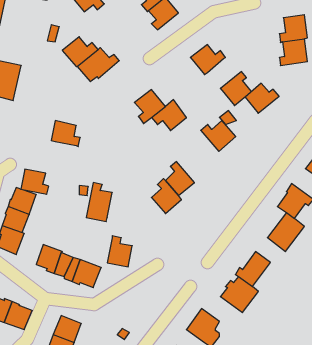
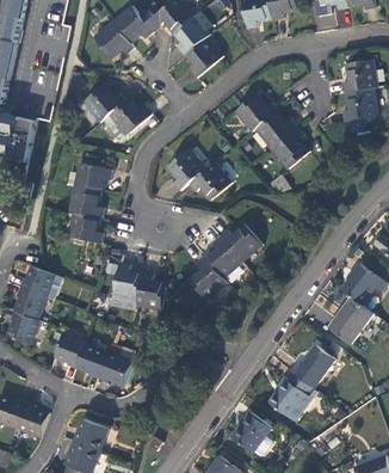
building: [245,83,279,113] -> [259,112,300,148]
building: none -> [78,162,115,192]
building: [201,120,236,151] -> [222,223,264,260]
building: [21,169,49,194] -> [73,211,106,241]
building: [107,236,132,267] -> [140,270,169,307]

